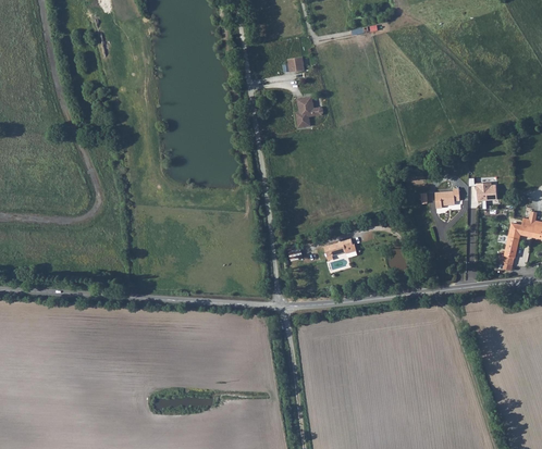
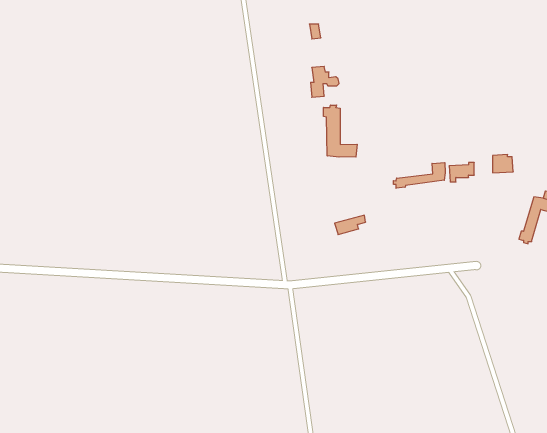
building: none -> [324,105,357,157]
building: none -> [394,163,445,188]

